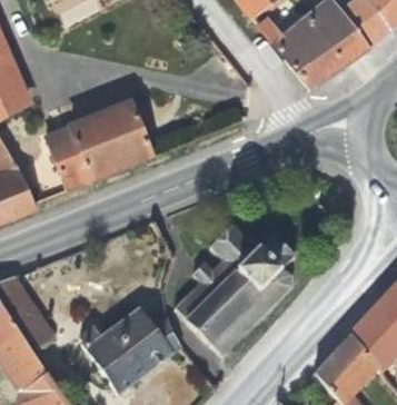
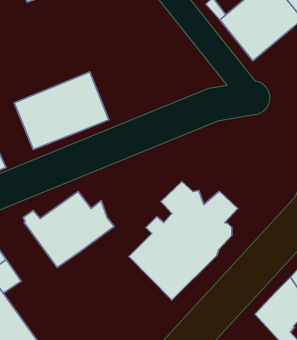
building: [80,307,181,392] -> [23,192,114,267]

